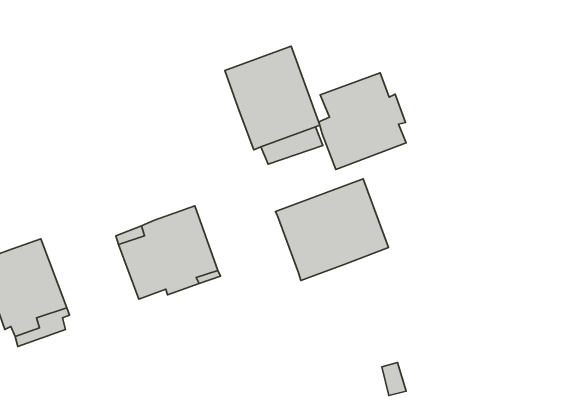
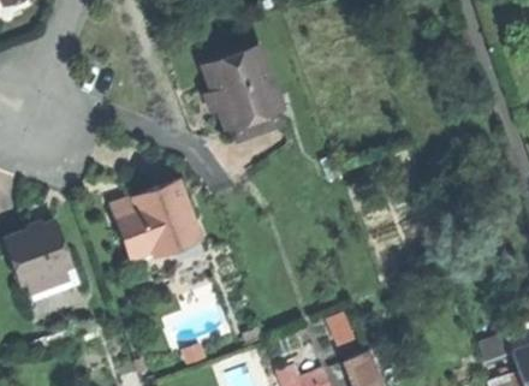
building: [319,73,406,170] -> none
building: [276,179,389,280] -> none

